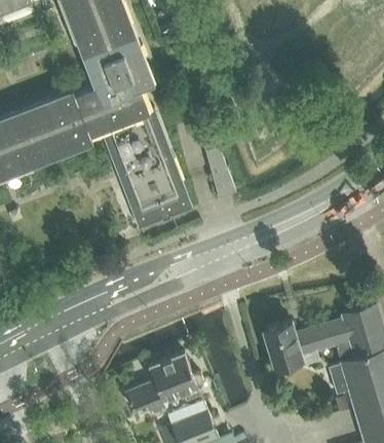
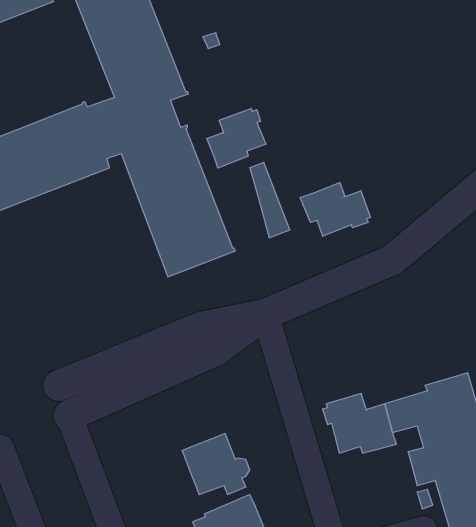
building: none -> [207,108,266,168]
building: none -> [300,183,371,236]
building: [125,380,166,414] -> none

